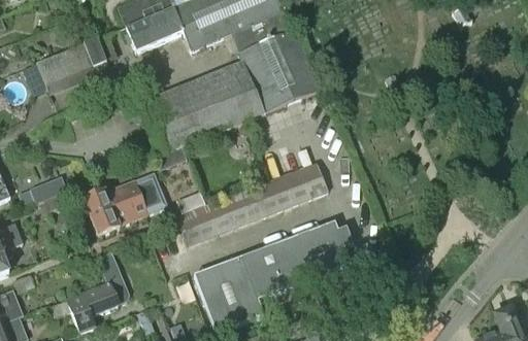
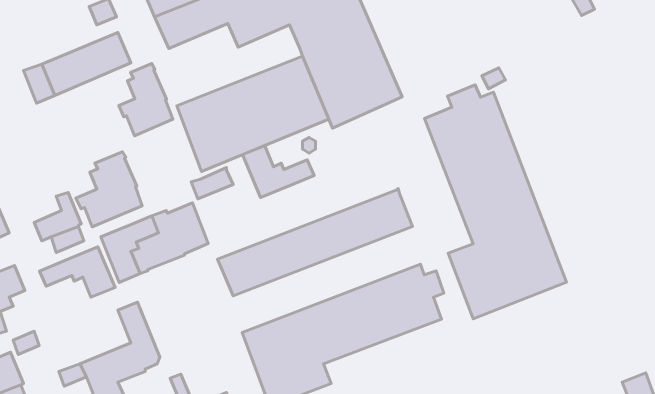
building: none -> [119,64,173,136]
building: none -> [424,85,566,319]
building: none -> [243,146,314,197]
building: none -> [76,152,142,227]
building: none -> [40,247,115,297]

